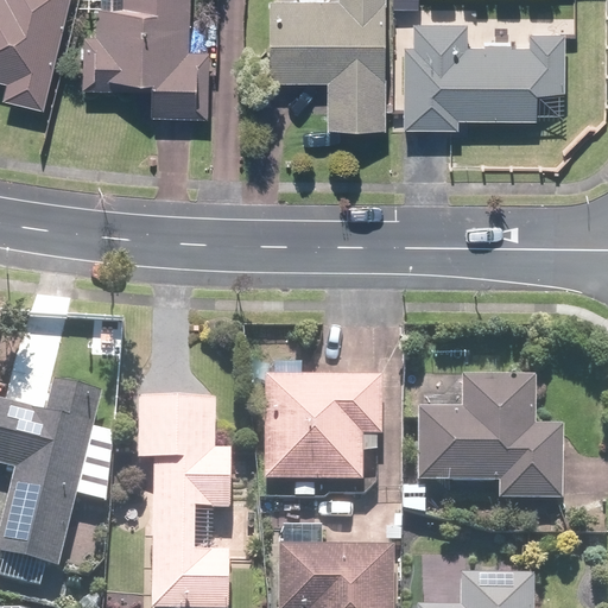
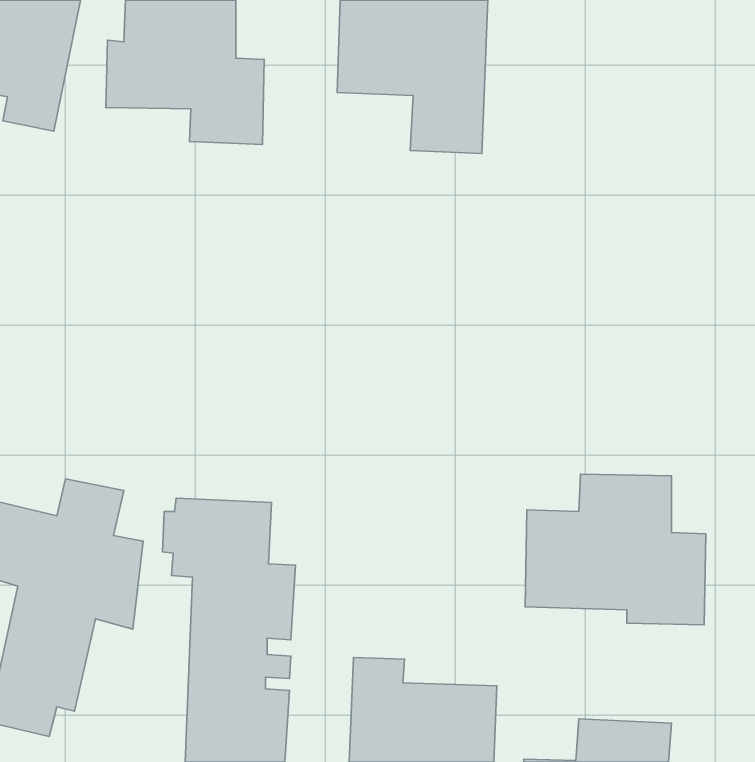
building: [390,15,568,126] -> none
building: [265,374,382,481] -> none

